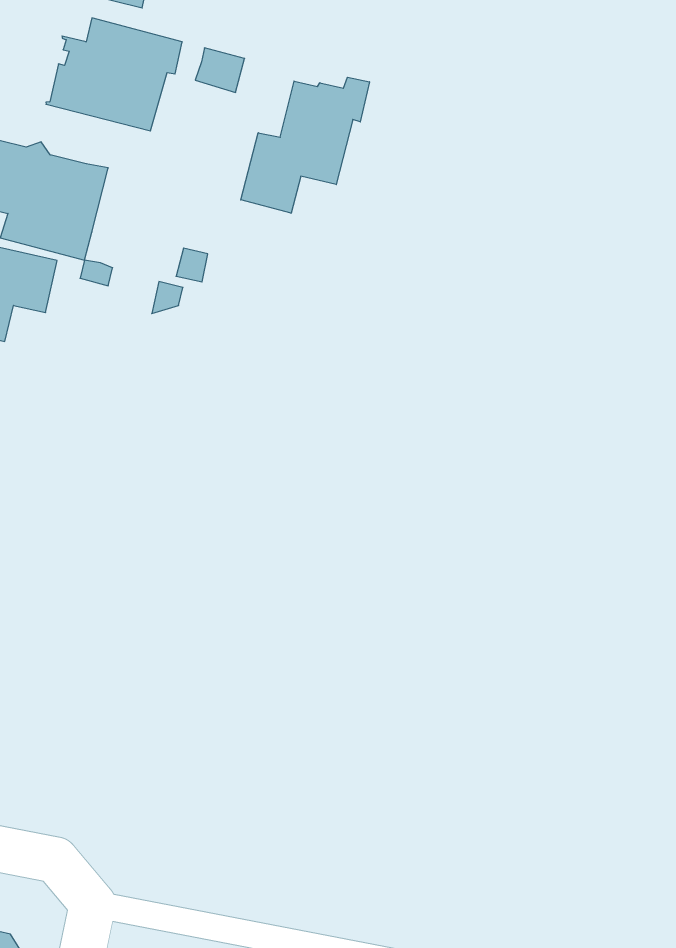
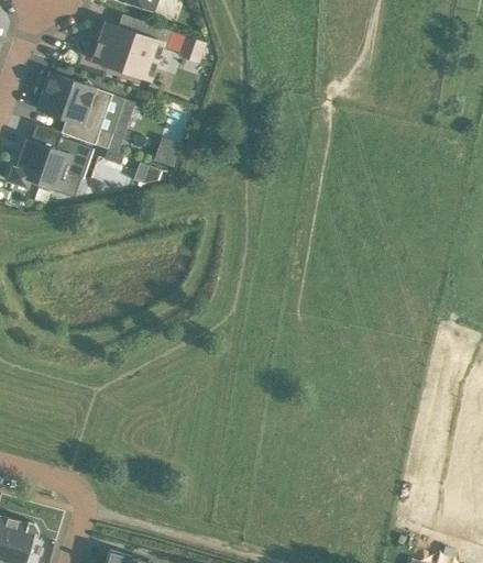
building: [241,77,369,213] -> none

